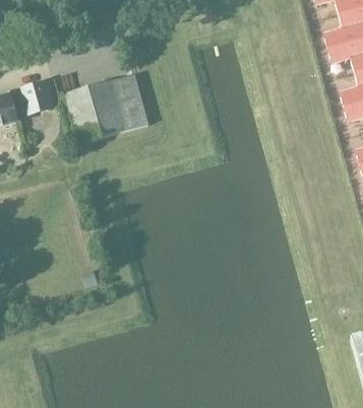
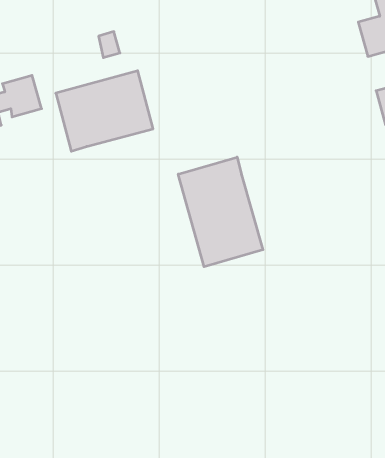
building: none -> [178,157,263,267]

